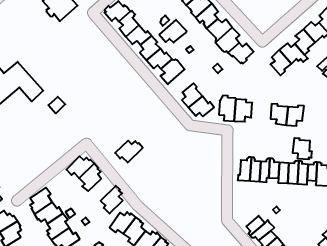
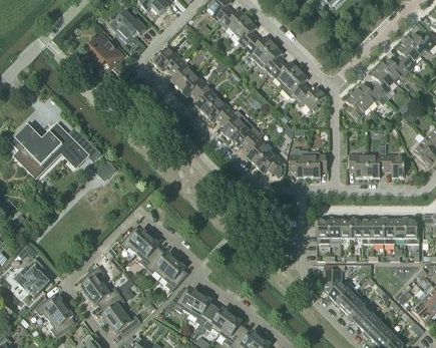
building: [159,20,187,43] -> [230,121,261,147]
building: [293,138,312,159] -> [385,154,407,178]
building: [115,141,143,163] -> [146,252,177,277]
building: none -> [323,271,342,296]

